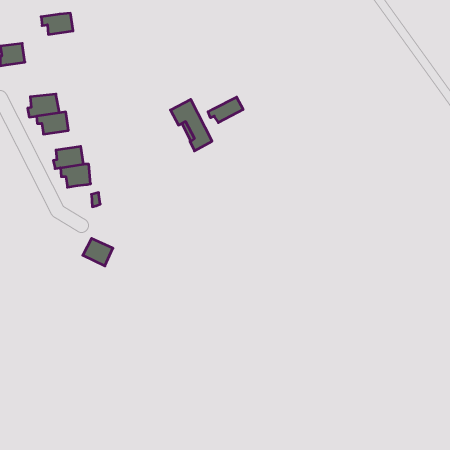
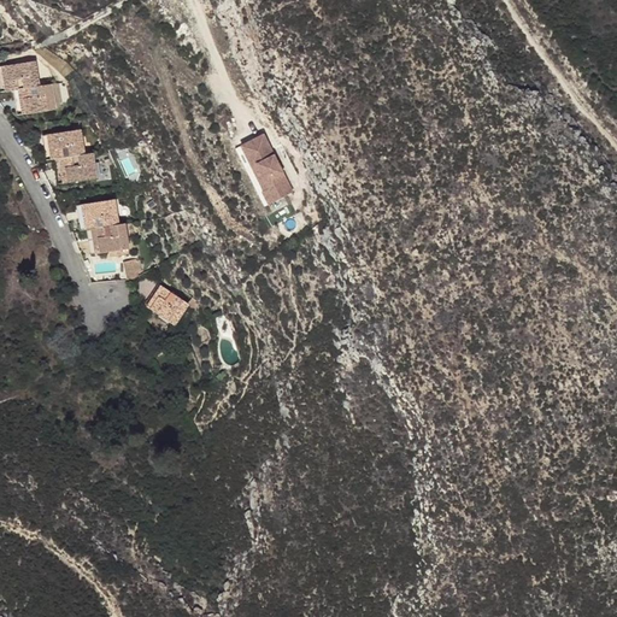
building: [41,13,73,34] -> [13,83,57,112]
building: [208,97,243,123] -> none
building: [83,238,113,266] -> [151,281,192,318]

